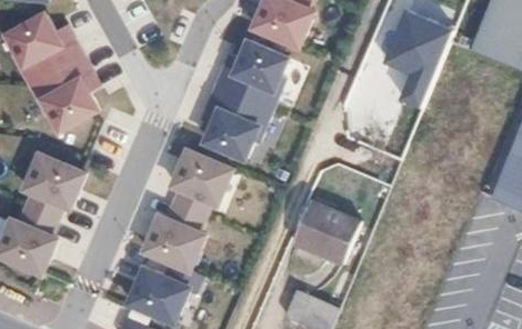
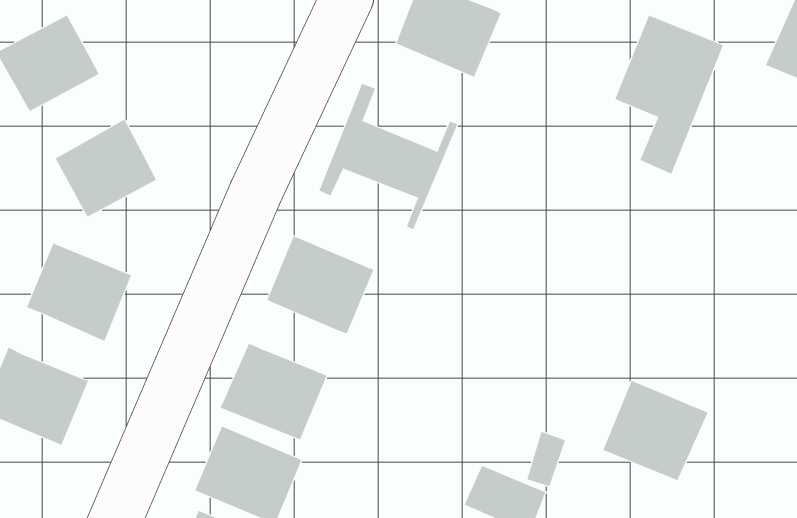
building: [21,23,101,99] -> none
building: [228,38,289,94] -> none
building: [199,106,261,162] -> none
building: [164,190,212,231] -> none
building: [17,195,62,235] -> none
building: [298,200,363,262] -> [603,380,708,481]

